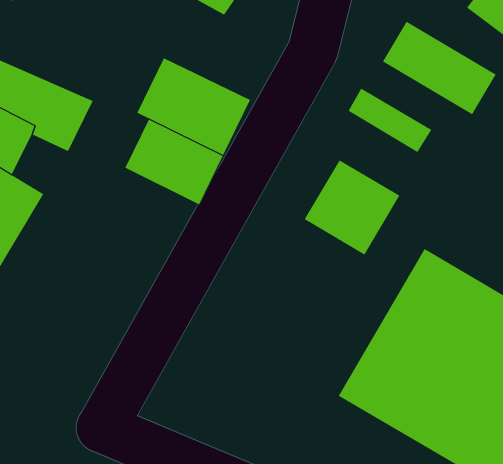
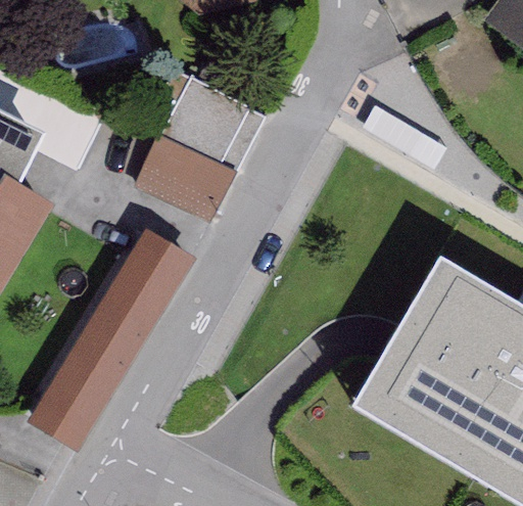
building: [382,21,497,115] -> none
building: [304,159,400,255] -> none
building: none -> [26,222,195,449]

